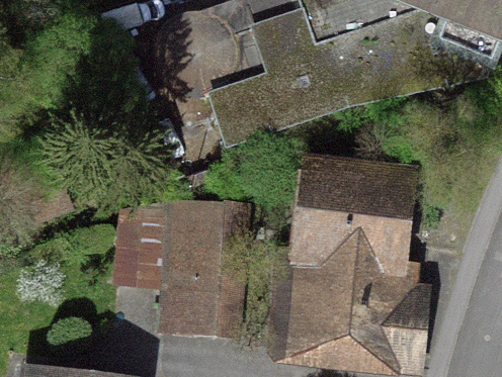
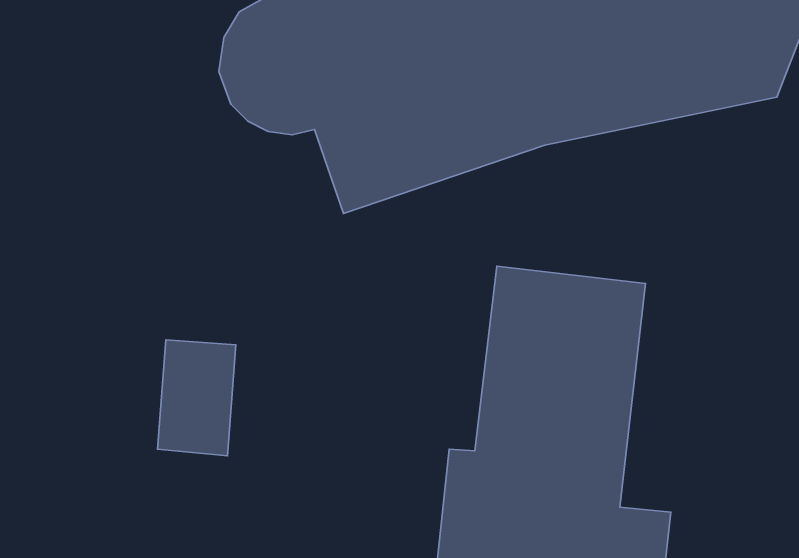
building: [161,193,244,338] -> none

